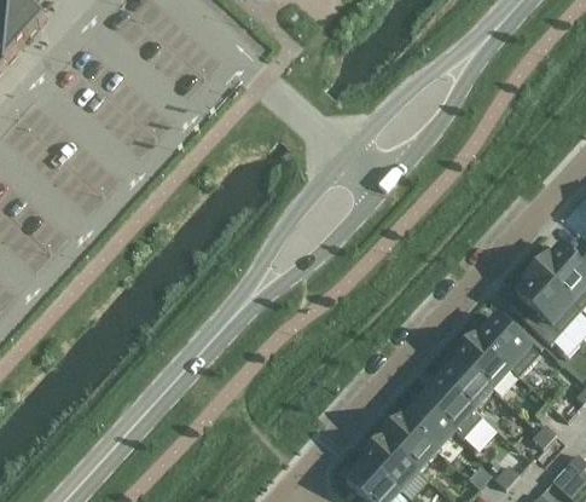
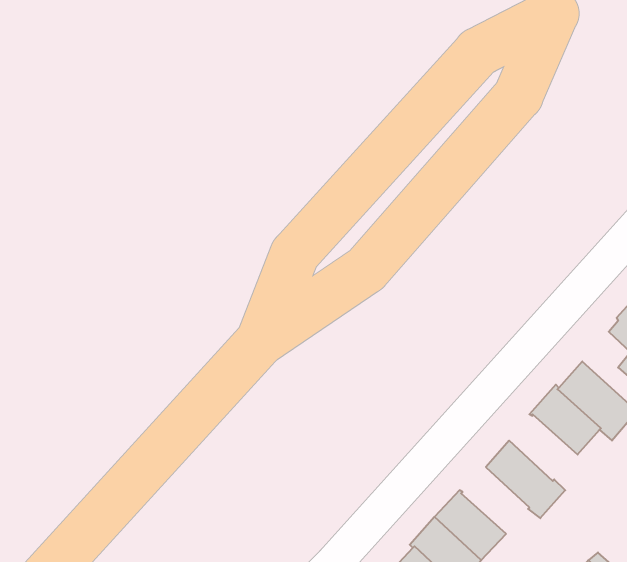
building: [439,354,492,406] -> none
building: [401,396,454,448] -> none

